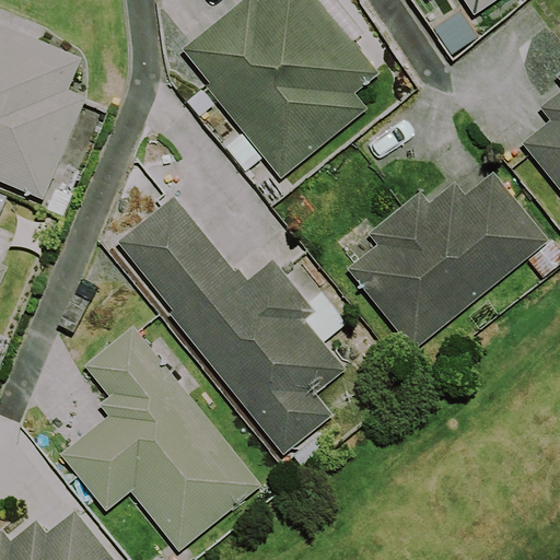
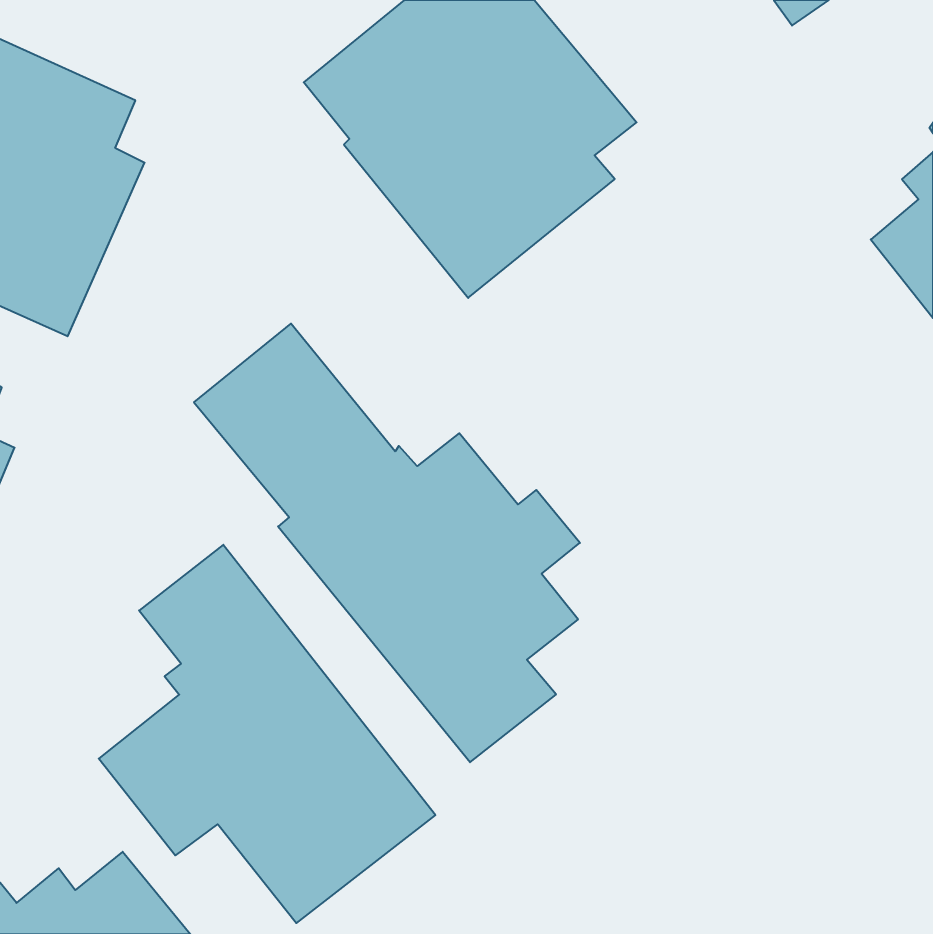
building: [346,173,550,351] -> none

